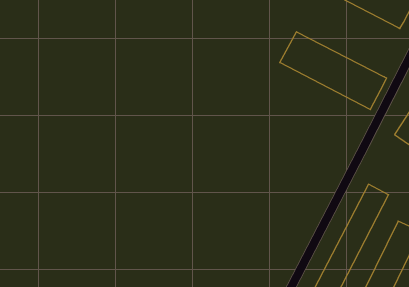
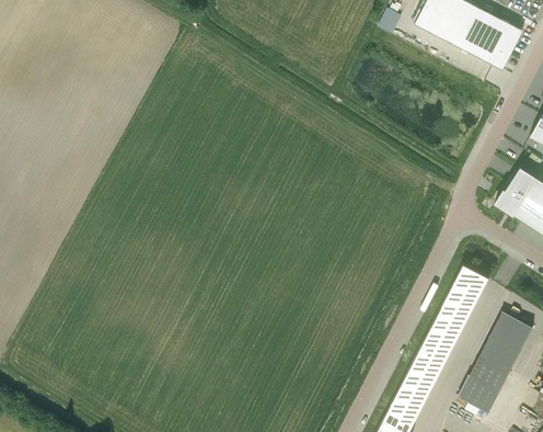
building: [280,32,386,110] -> none

